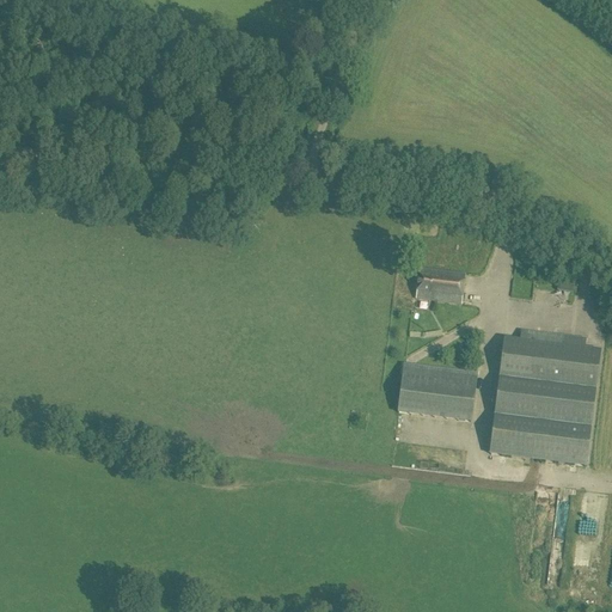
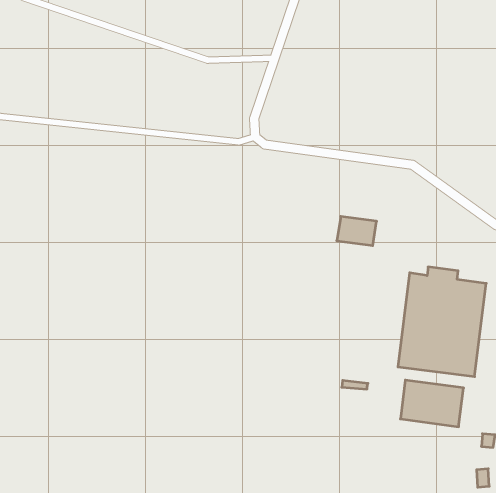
building: [398,362,476,420] -> [400,380,464,427]

